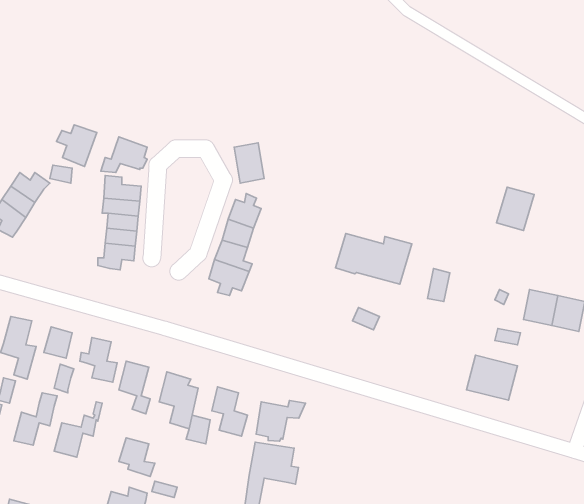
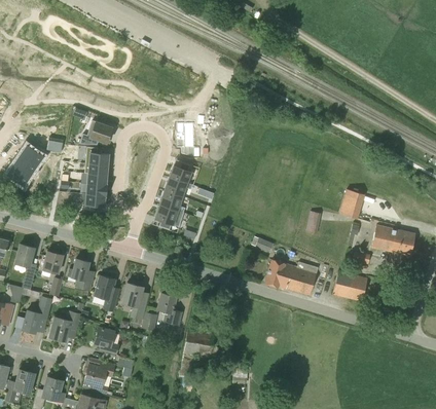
building: [56,125,97,166] -> none
building: [497,187,534,230] -> [338,189,364,219]
building: [335,233,412,284] -> [264,259,317,294]
building: [256,400,305,441] -> none

